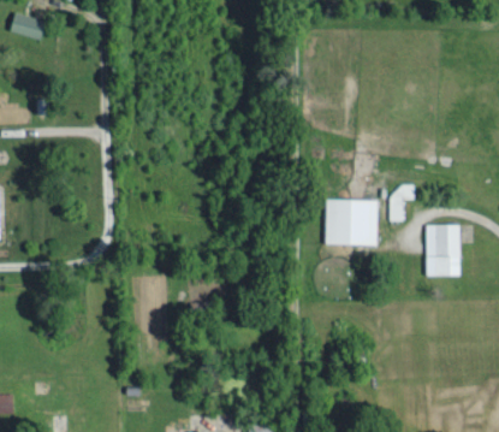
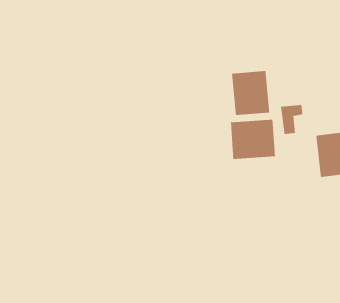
building: none -> [232,70,270,116]

